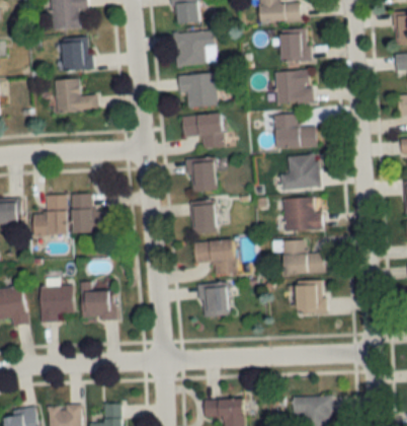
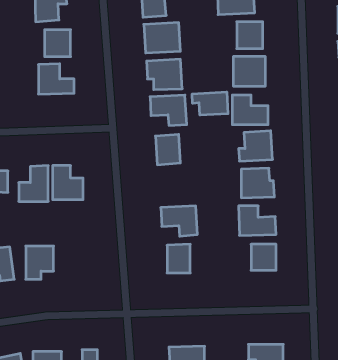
building: none -> [192,92,228,115]
building: [191,204,215,232] -> none
building: [81,281,115,320] -> none

